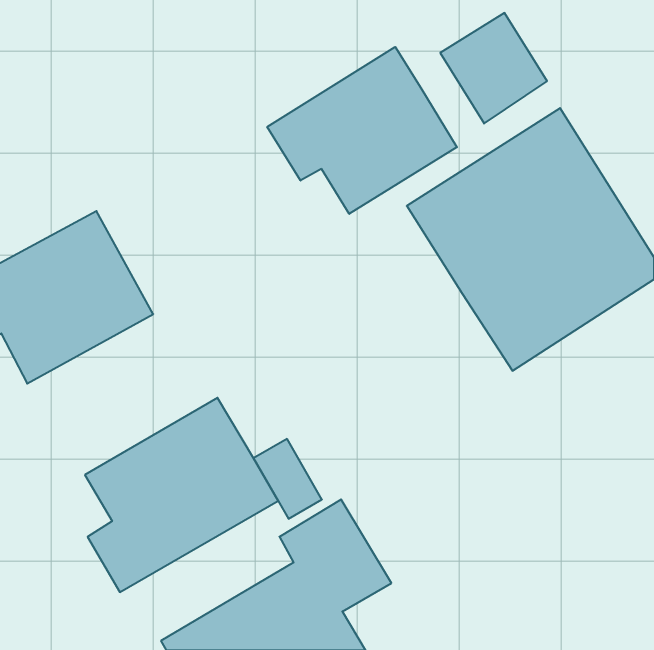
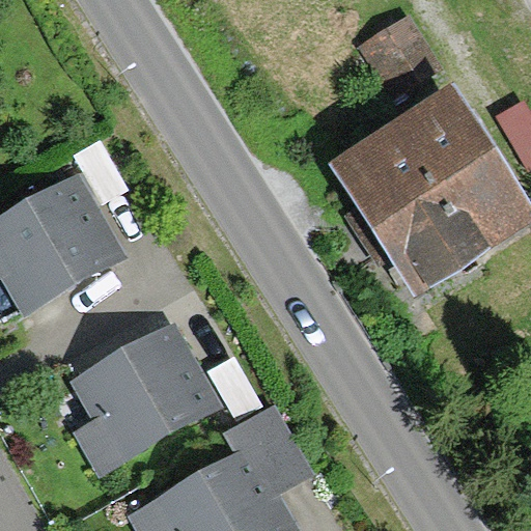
building: [267,47,457,214] -> none

